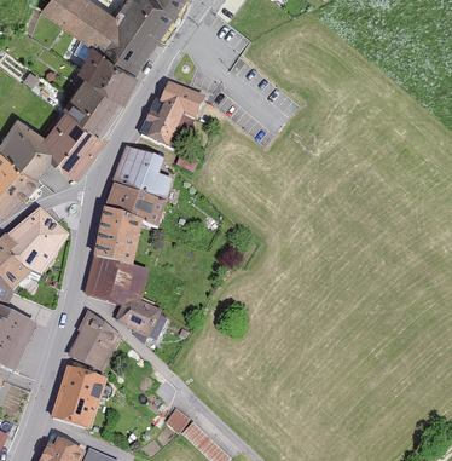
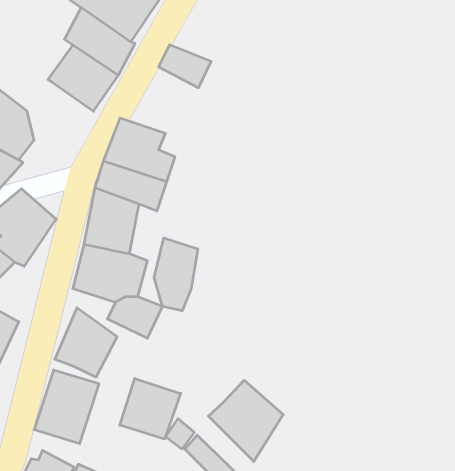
building: [138,97,193,150] -> none
building: [44,113,106,181] -> none
building: none -> [154,238,198,311]
building: none -> [120,378,181,439]
building: none -> [208,380,283,462]

